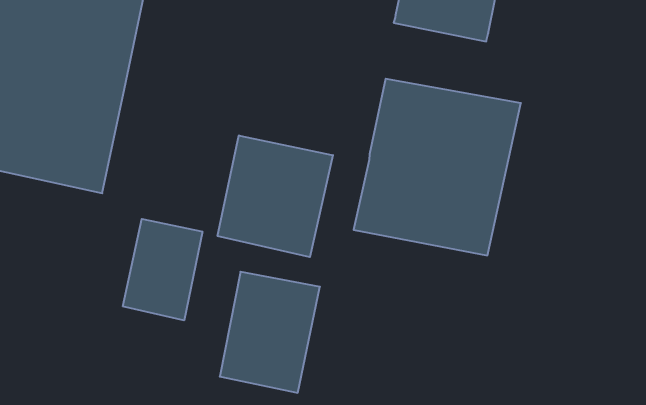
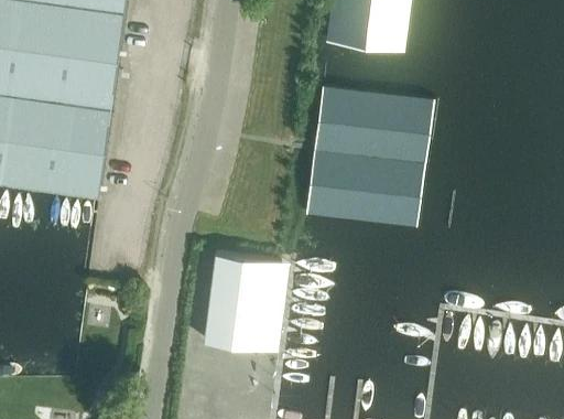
building: [218,135,333,257] -> none
building: [123,219,202,320] -> none

